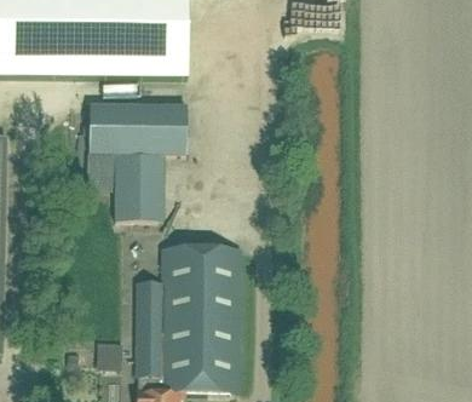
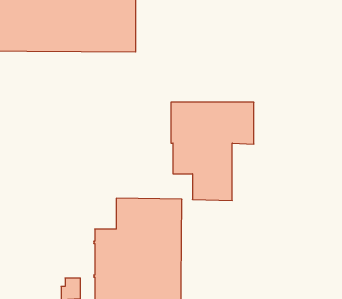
building: [90,103,188,219] -> [171,102,254,200]

